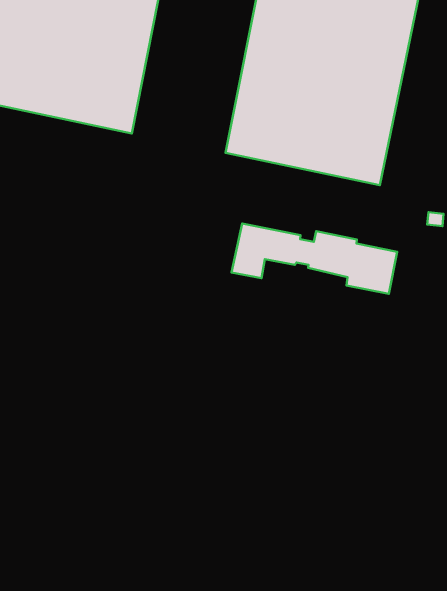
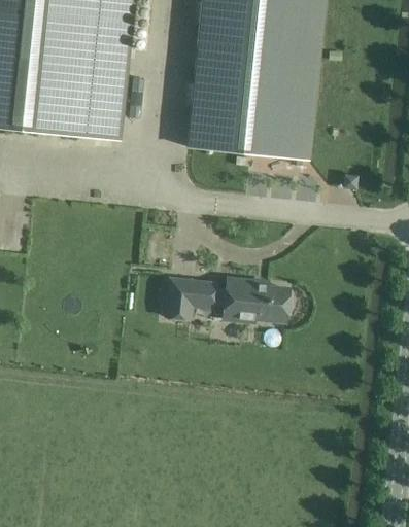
building: [232,224,397,294] -> [167,280,288,321]

